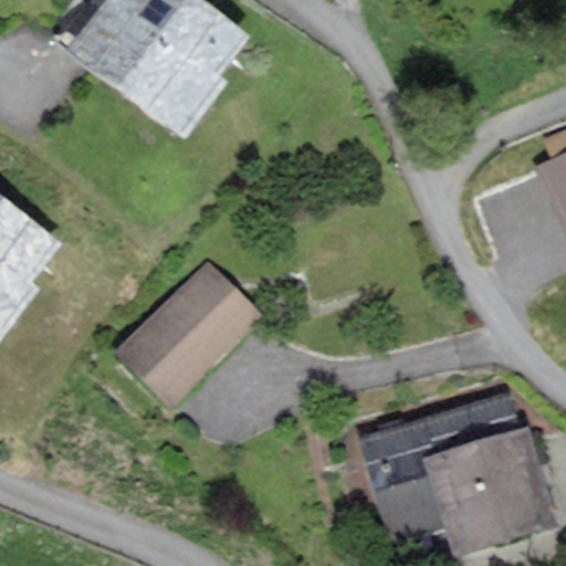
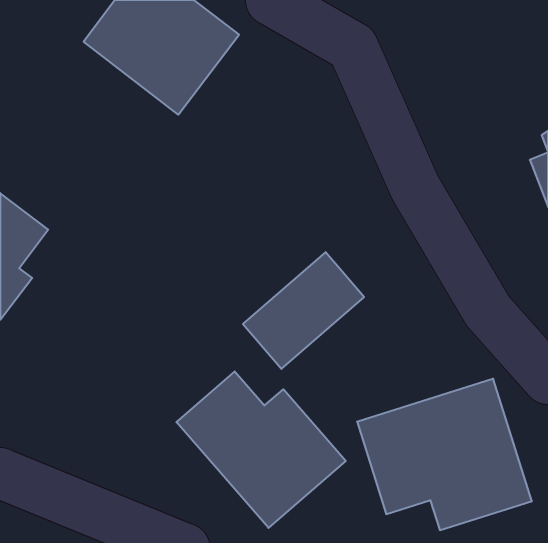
building: [129,276,254,397] -> [243,252,364,369]
building: none -> [176,371,346,528]

